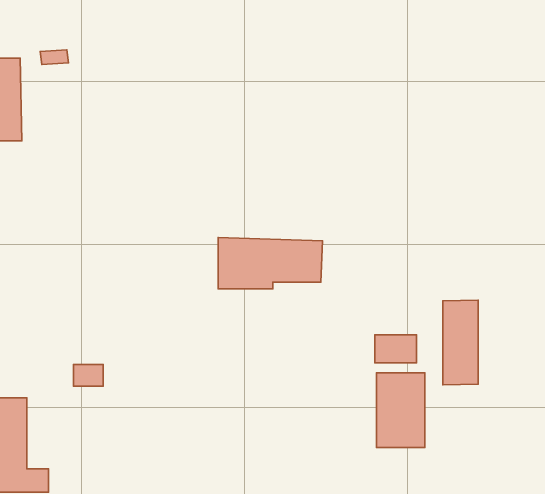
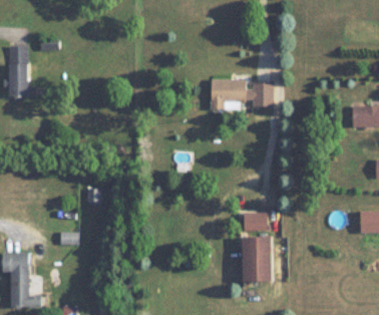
building: [218,238,322,289] -> [209,80,272,111]
building: [443,300,478,385] -> none

